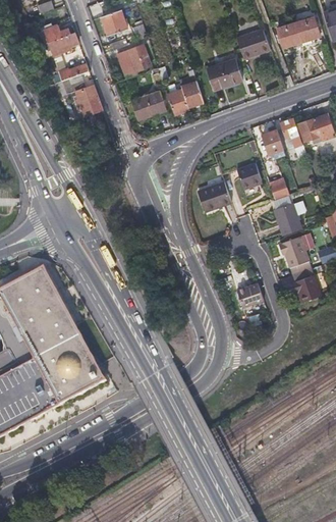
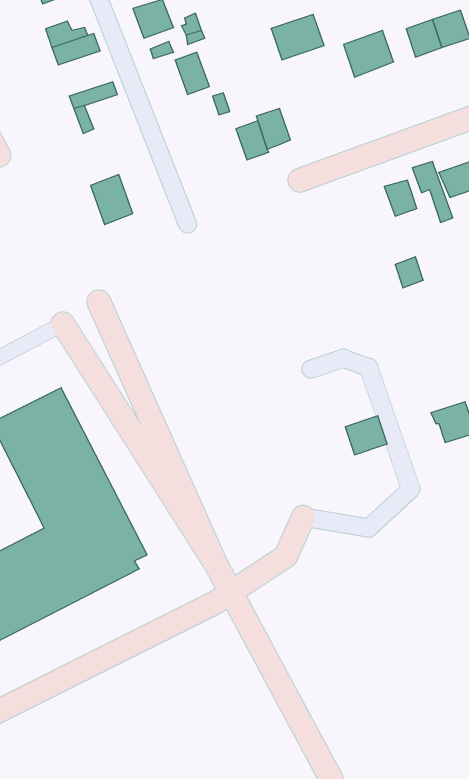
building: [205,61,239,91] -> [271,14,324,60]
building: [73,85,101,117] -> [91,175,133,225]
building: [130,92,164,119] -> none
building: [236,162,261,188] -> none
building: [199,184,232,214] -> none
building: [275,202,302,234] -> none
building: [279,236,310,266] -> none

